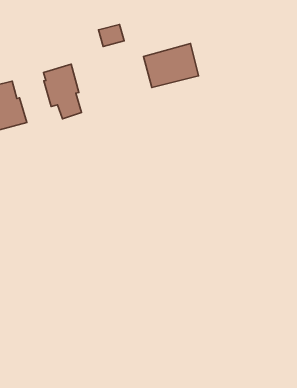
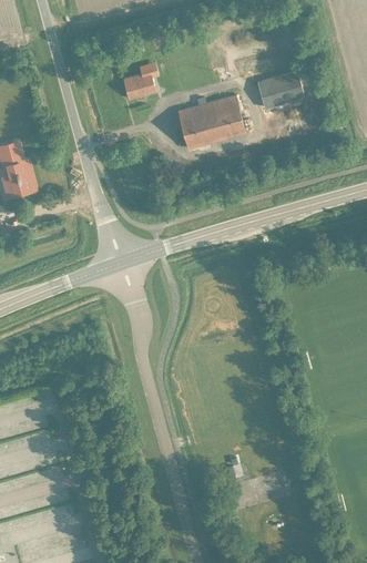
building: none -> [257,73,304,110]
building: [43,64,82,119] -> none

